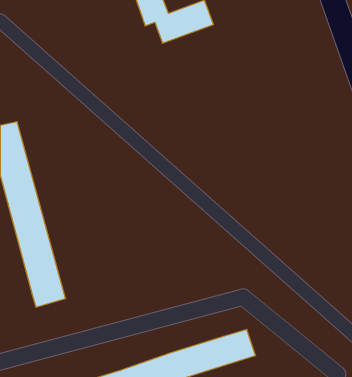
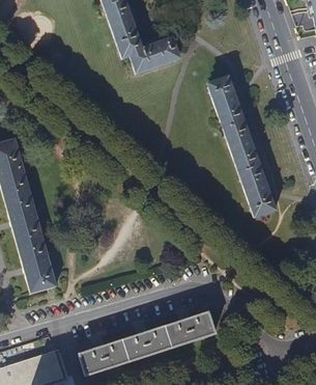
building: none -> [208,78,276,218]

